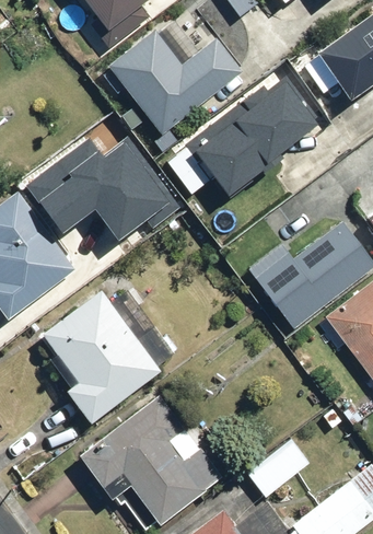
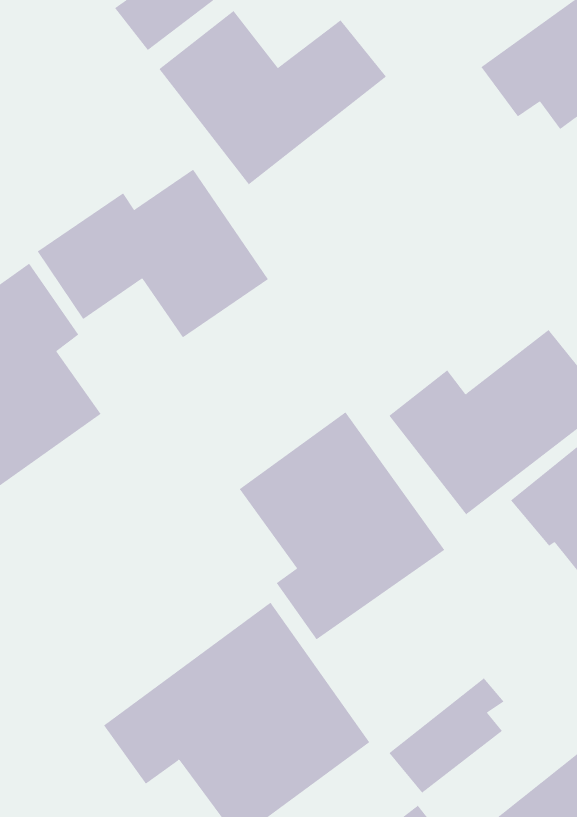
building: [166,72,315,199] -> none
building: [40,291,163,427] -> [239,412,445,640]

